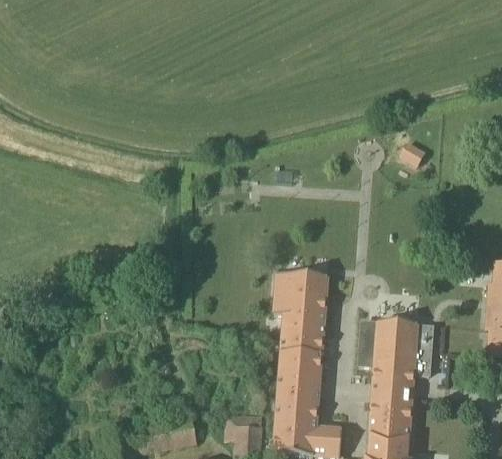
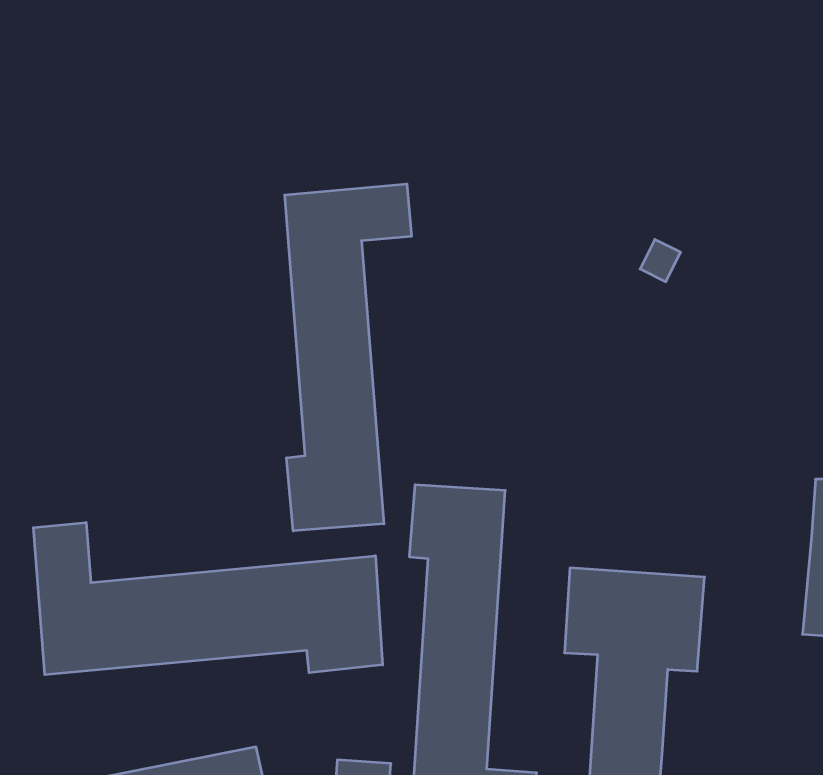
building: none -> [285,184,411,531]
building: none -> [33,522,383,675]

